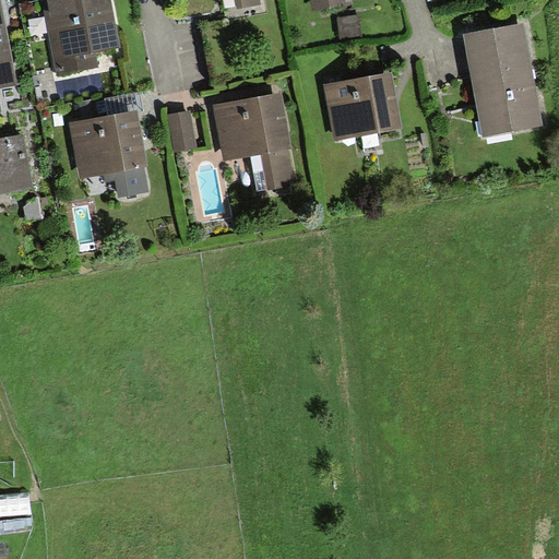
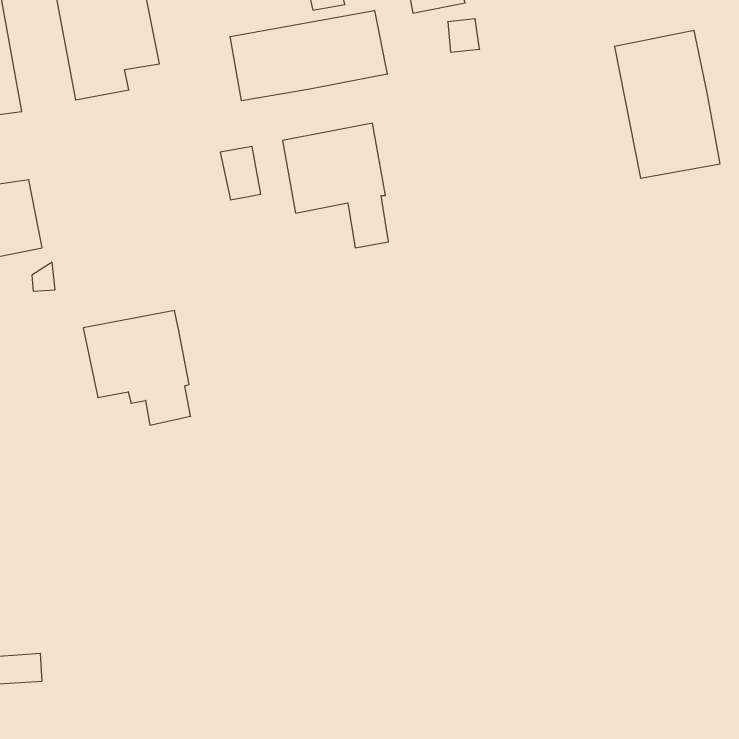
building: none -> [230,10,387,101]
building: [323,71,401,140] -> none
building: [68,110,148,197] -> [83,311,191,425]

